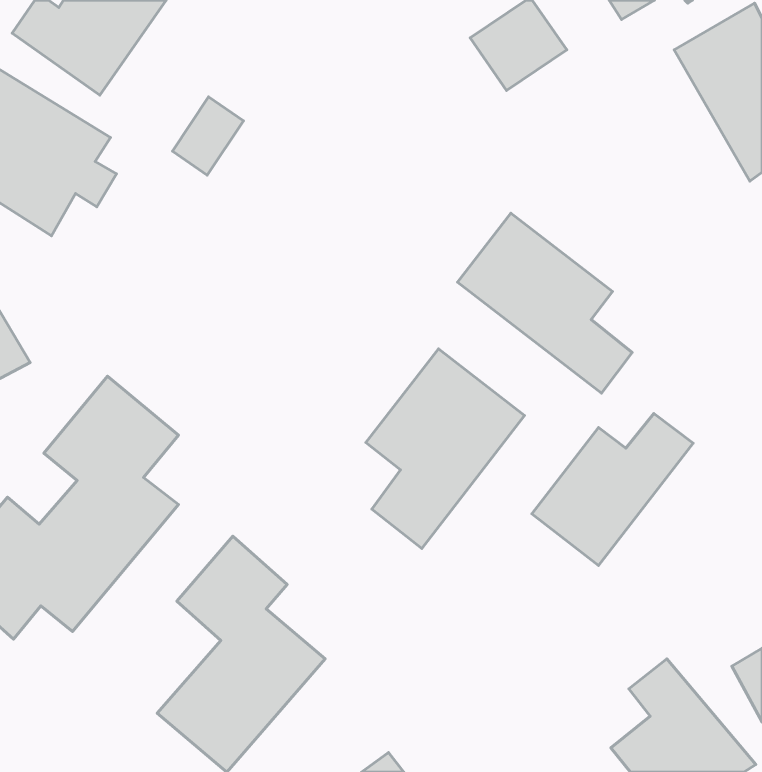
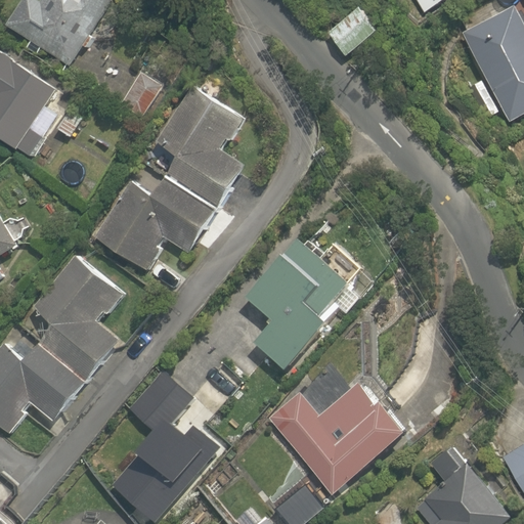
building: none -> [96,87,245,270]
building: [458,213,632,393] -> none
building: [532,414,693,566] -> none
building: none -> [262,372,408,505]

